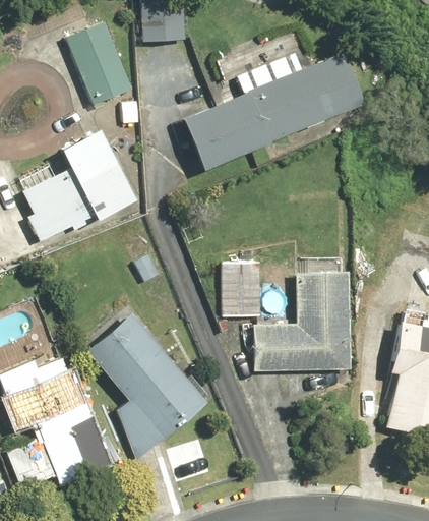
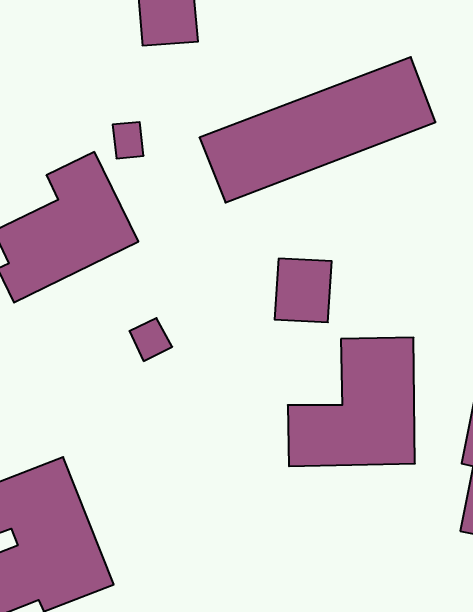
building: [66,21,133,105] -> none
building: [214,267,259,316] -> [275,259,332,322]
building: [84,310,208,462] -> none

